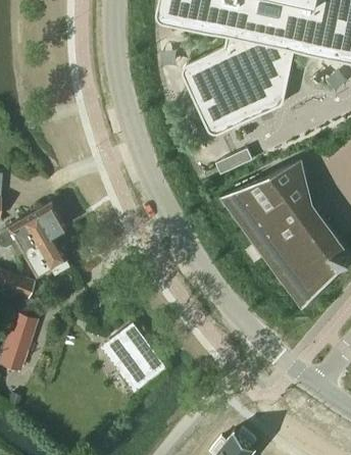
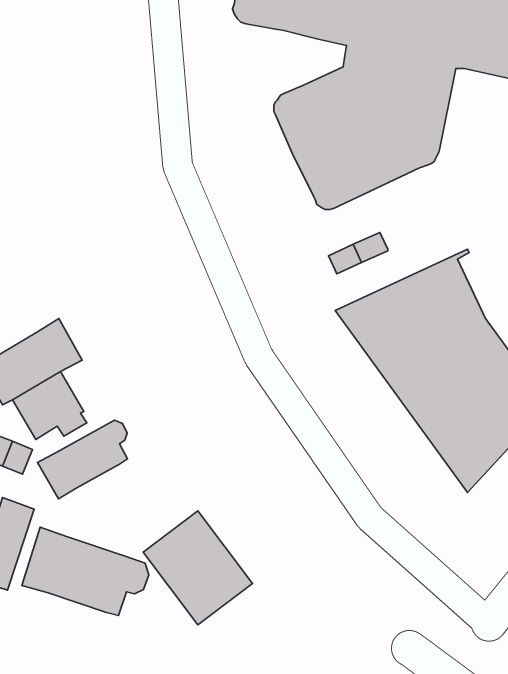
building: none -> [37,420,128,499]
building: none -> [22,527,149,616]

